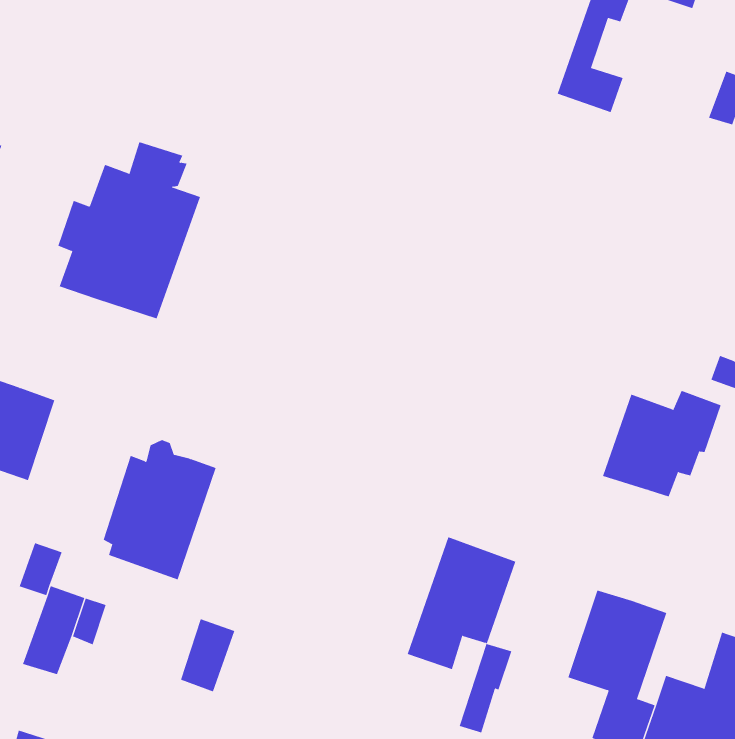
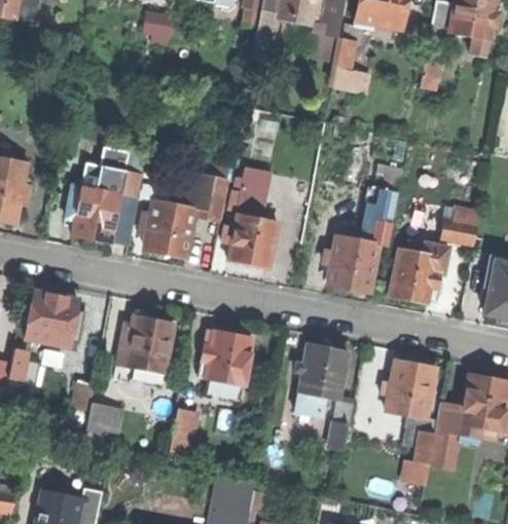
building: none -> [143,177,225,259]
building: none -> [221,181,278,268]
building: none -> [323,177,401,293]
building: none -> [197,332,252,401]

